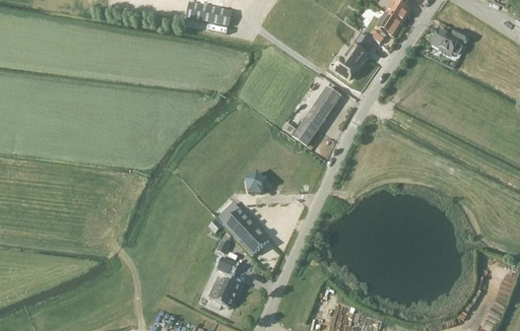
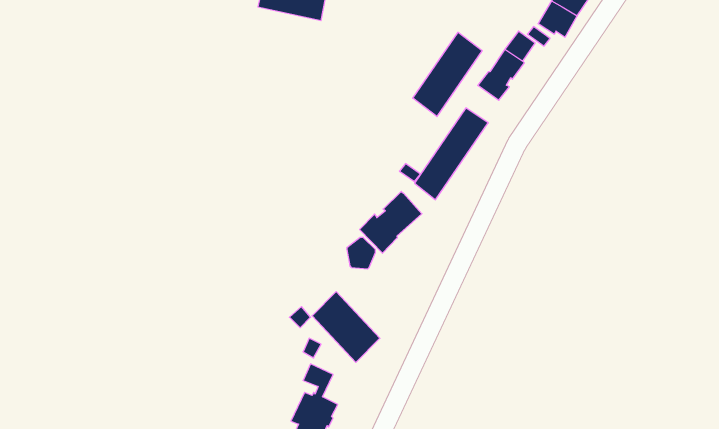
building: [432,26,469,52] -> none
building: none -> [413,32,482,117]
building: none -> [360,191,422,253]

